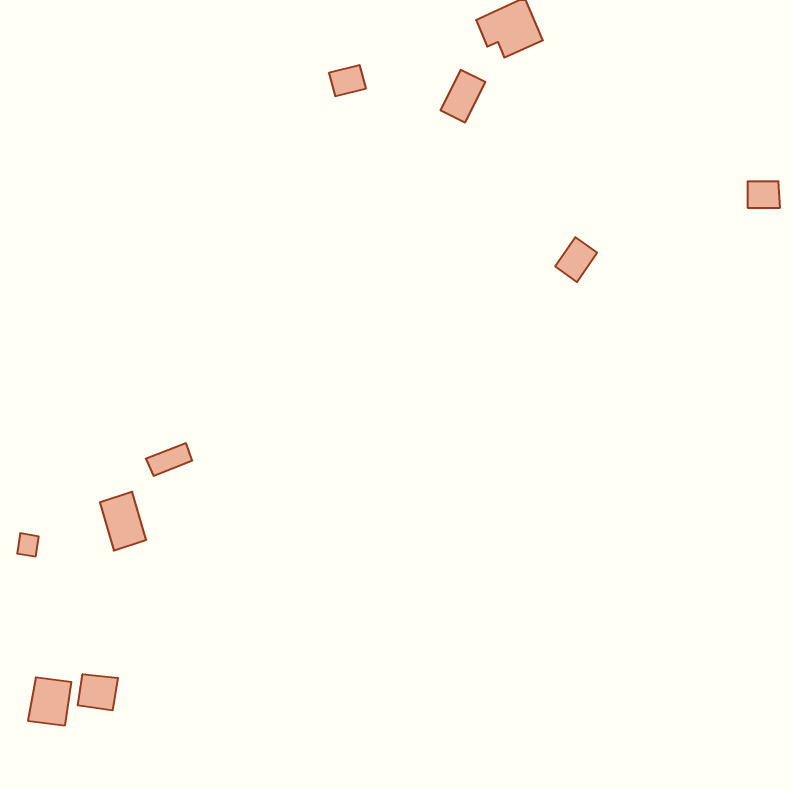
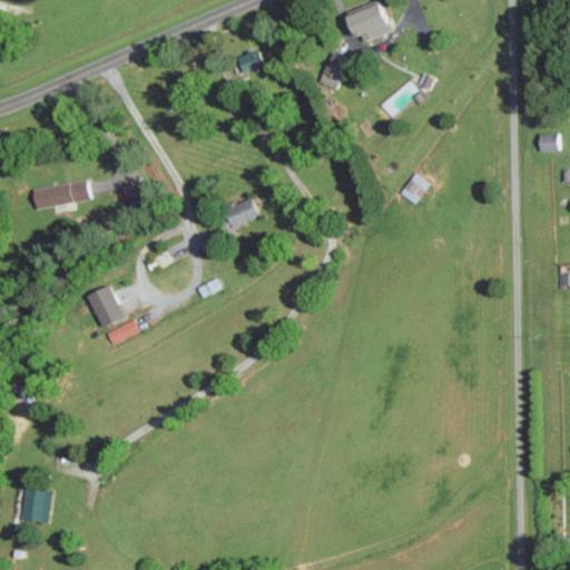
building: none -> [32,181,90,209]
building: none -> [222,196,258,229]
building: [100,492,146,551] -> [88,285,121,327]
building: [78,674,118,710] -> none

